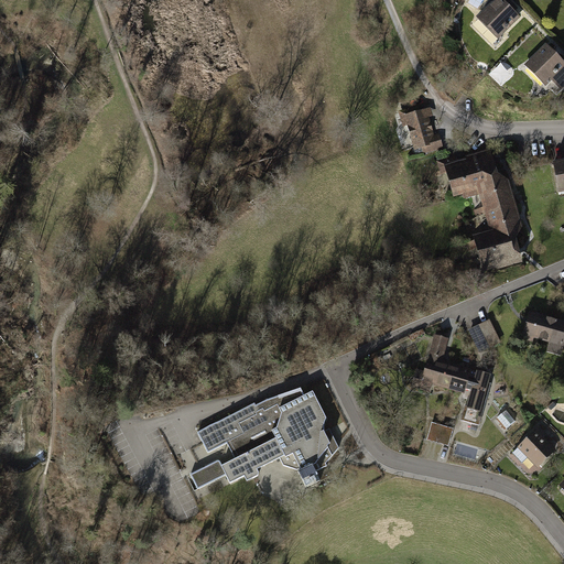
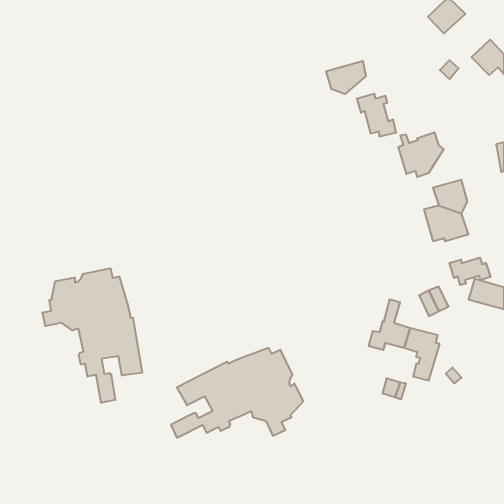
building: none -> [326,61,366,94]
building: [478,166,514,209] -> none
building: none -> [450,258,491,285]
building: none -> [42,268,142,403]
building: [517,425,556,467] -> none

